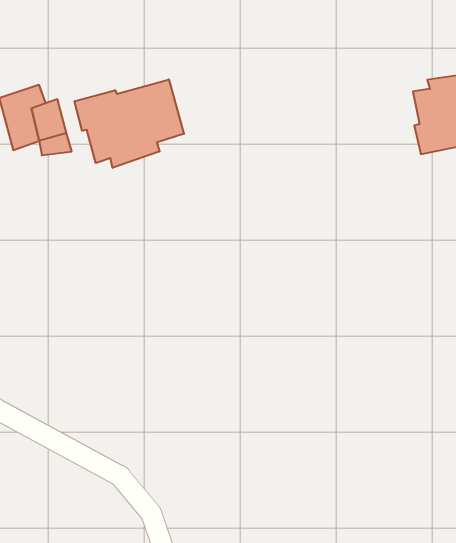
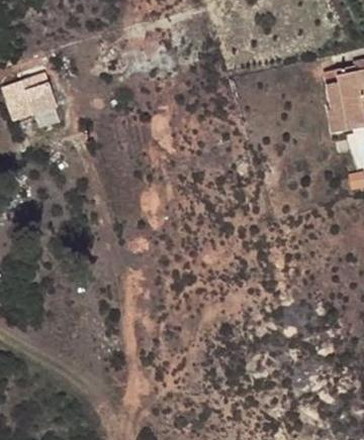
building: [75,79,184,168] -> none

